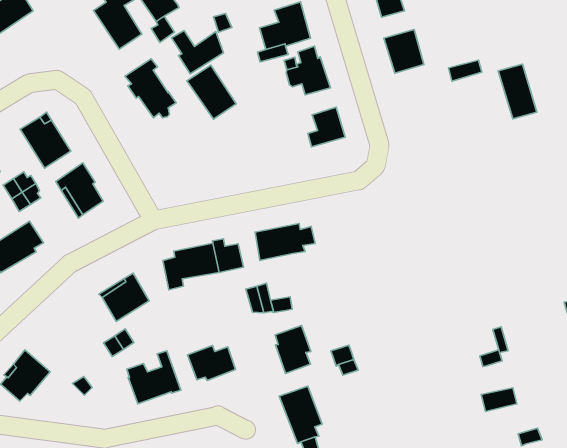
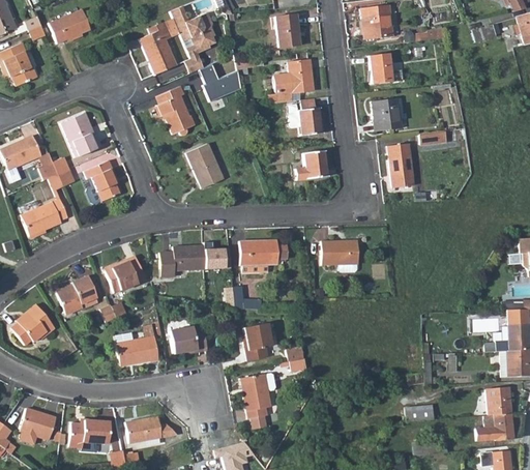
building: [498,64,537,119] -> [389,144,415,187]
building: [187,65,236,119] -> [186,143,224,187]
building: none -> [323,234,360,265]
building: none -> [58,277,100,316]

